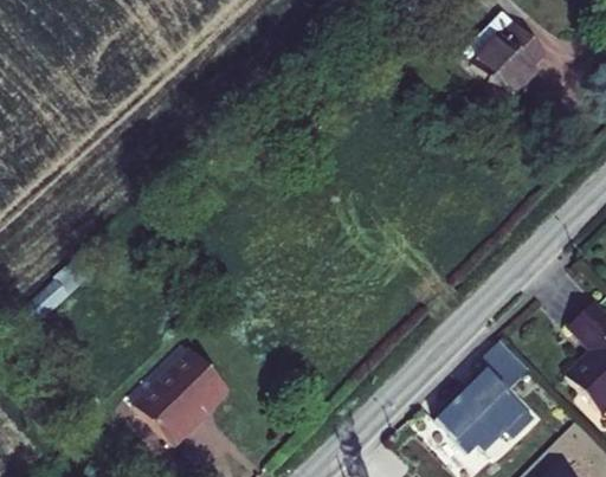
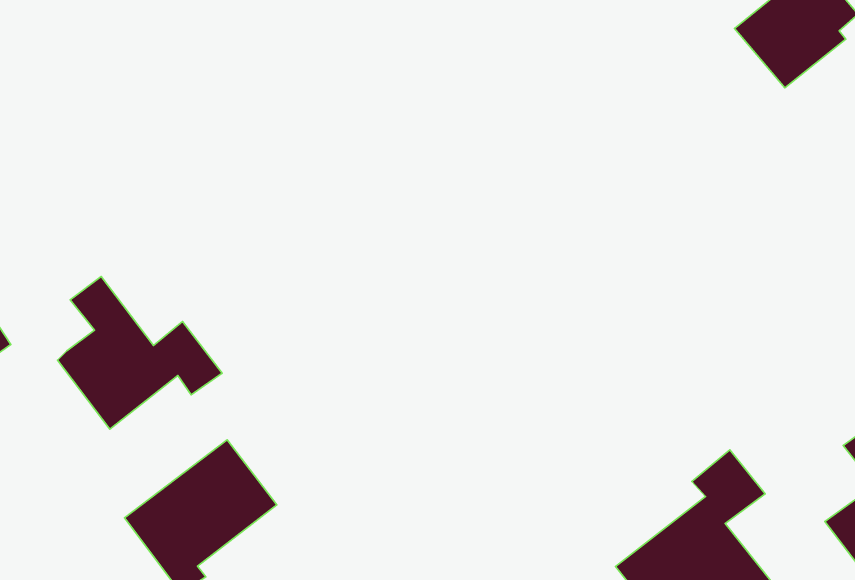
building: none -> [57,276,222,429]

